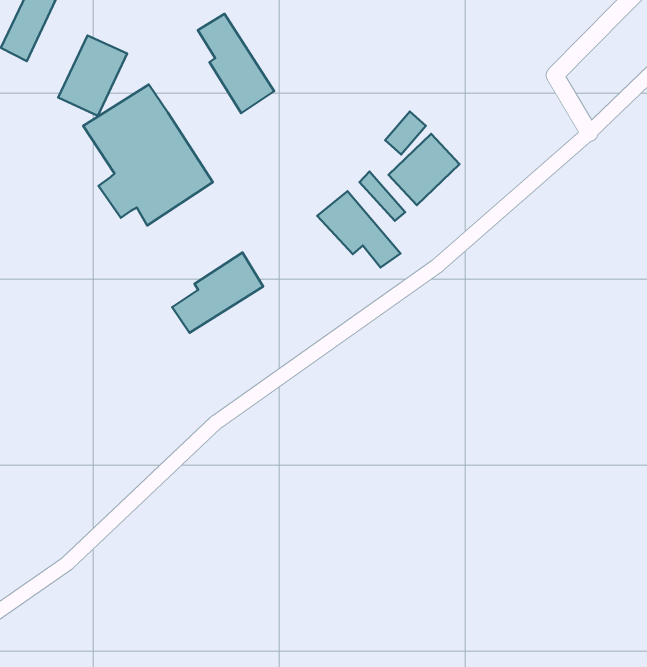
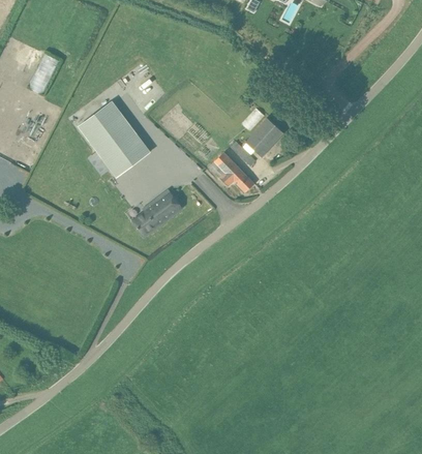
building: [198,14,274,113] -> none
building: [58,36,127,116] -> none

